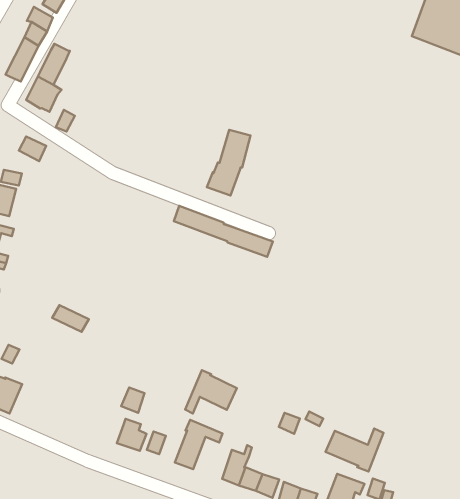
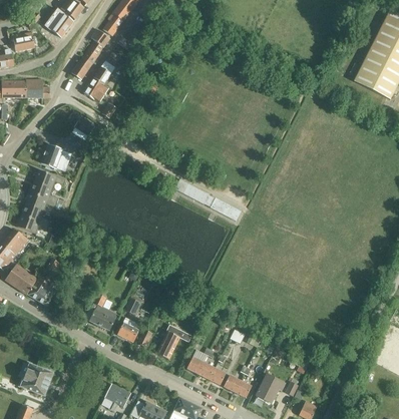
building: [207,130,251,196] -> none
building: [185,370,237,413] -> none
building: none -> [88,293,116,331]
building: [326,428,383,471] -> none

